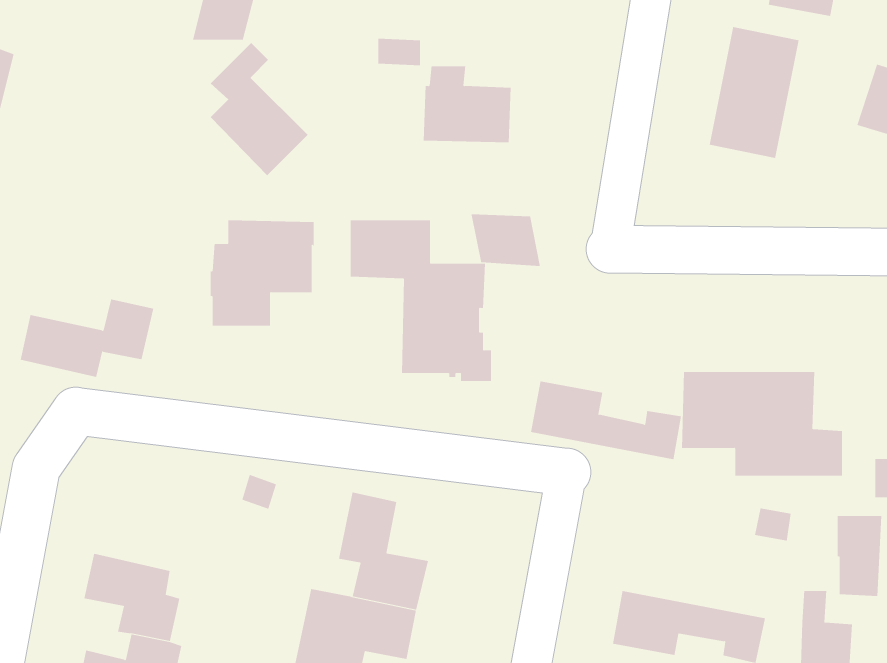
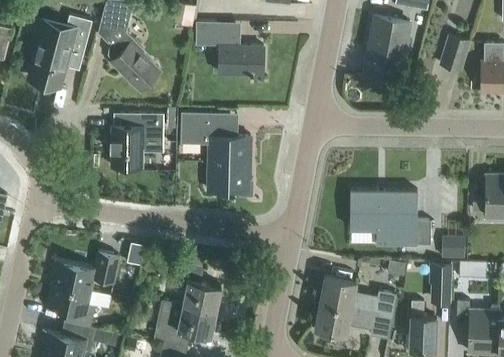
building: none -> [28,15,93,85]
building: [471,214,540,267] -> none
building: [20,299,154,378] -> [52,252,120,292]
building: [530,381,682,460] -> [320,276,397,316]

